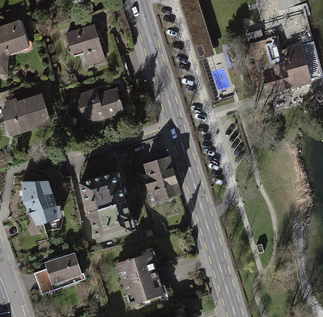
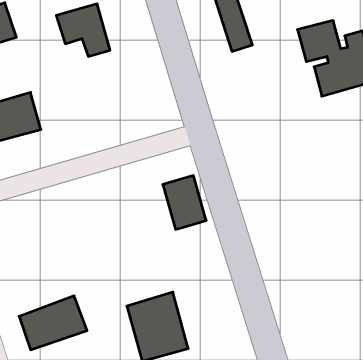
building: [75,88,121,123] -> none
building: [79,169,134,239] -> none
building: [22,182,61,227] -> none

